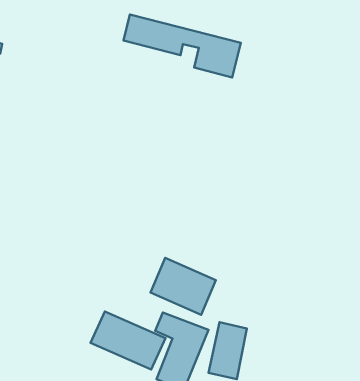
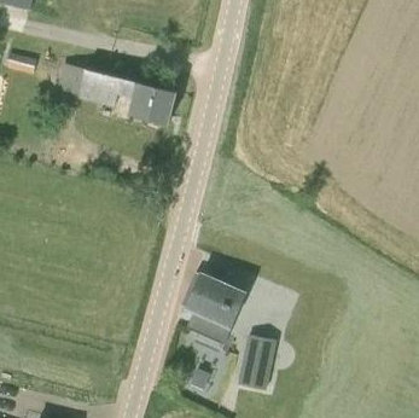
building: [124,14,241,77] -> [62,63,176,124]
building: [91,311,165,369] -> none

